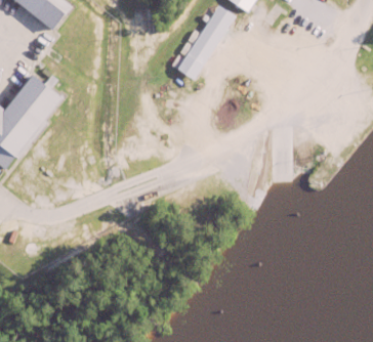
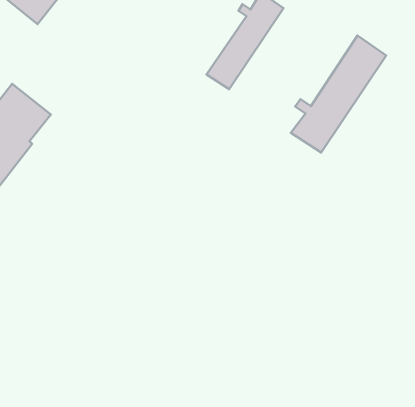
building: none -> [291,36,386,152]

